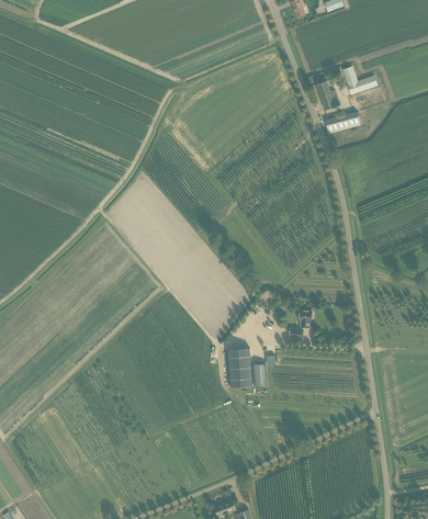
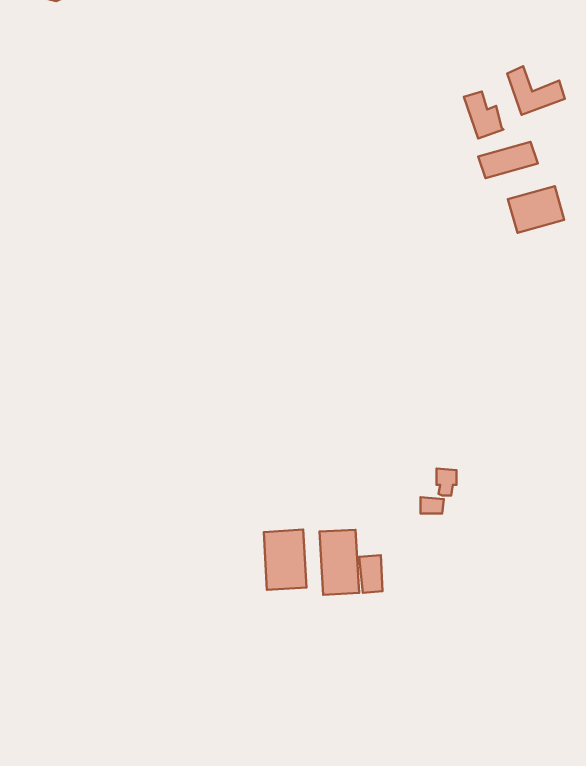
building: none -> [508,186,564,233]
building: none -> [264,530,307,590]

